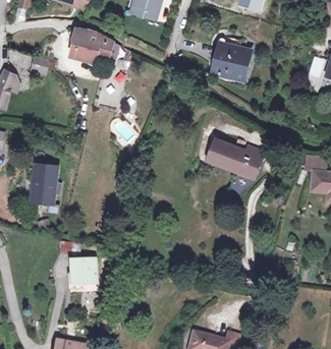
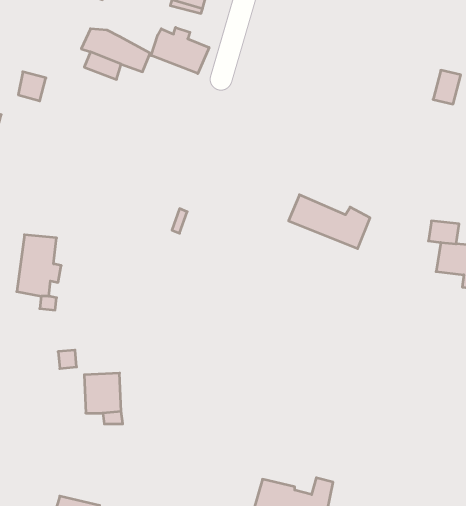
building: none -> [151,27,209,74]
building: [207,36,250,80] -> none

